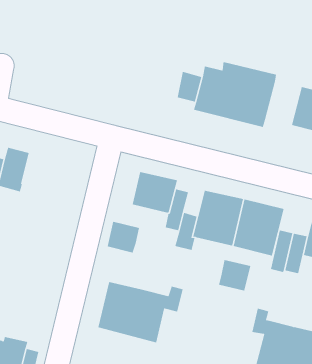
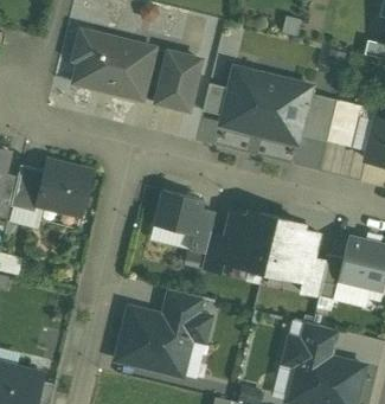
building: none -> [73,32,154,100]
building: none -> [155,52,200,110]
building: none -> [299,94,336,141]
building: none -> [36,162,91,214]
building: [107,221,140,253] -> [165,290,200,325]
building: [218,259,251,291] -> [300,323,335,358]

